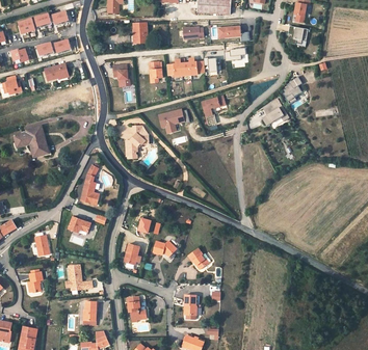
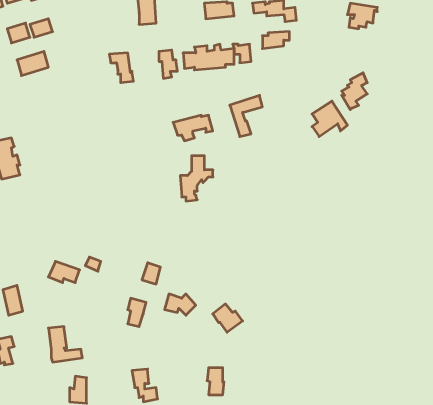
building: [125,126,149,159] -> [180,156,213,201]
building: [80,164,99,206] -> none

